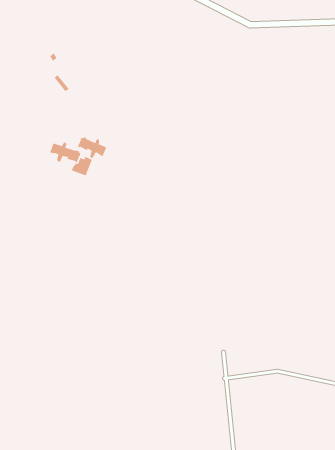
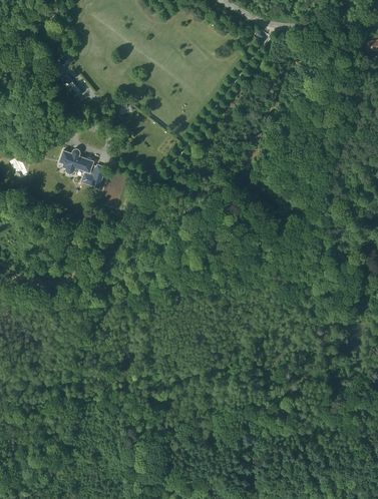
building: [77,137,107,158] -> none

